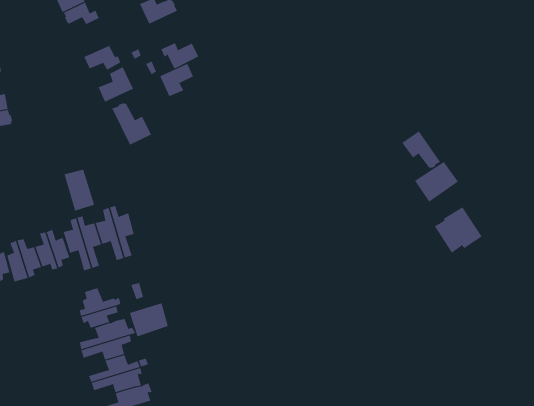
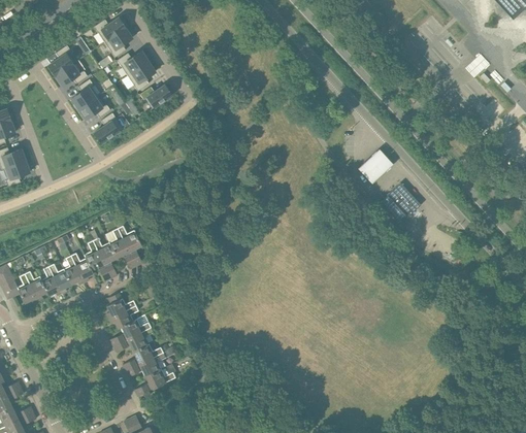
building: none -> [71,79,98,109]
building: [159,63,194,97] -> [127,61,155,91]
building: [112,102,152,146] -> none
building: [402,131,441,169] -> none
building: [64,169,95,211] -> none
building: [129,303,169,337] -> none

